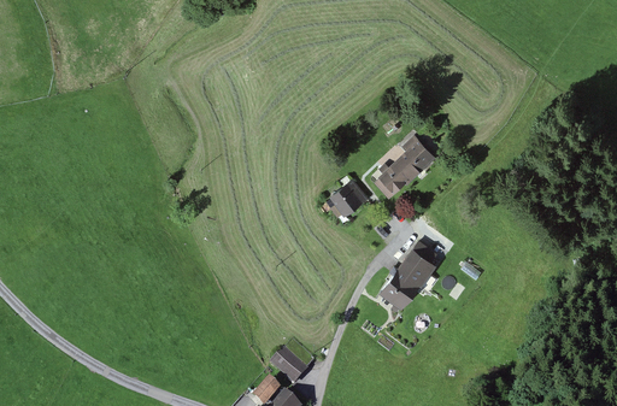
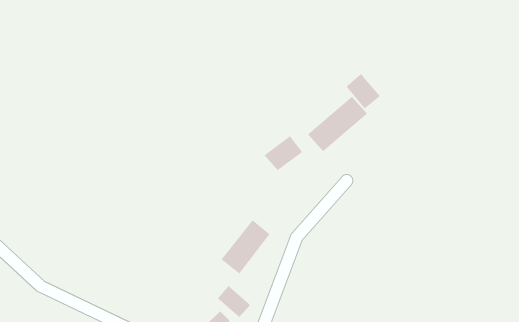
building: none -> [346,73,381,110]
building: [378,245,435,307] -> [220,219,271,274]

